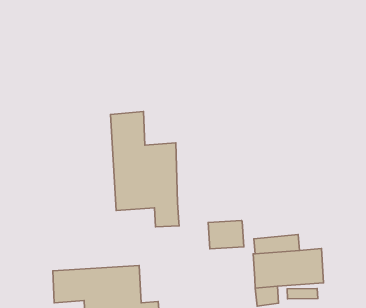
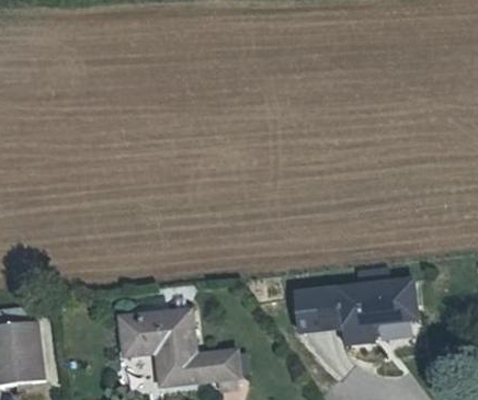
building: [111,112,179,227] -> none
building: [208,221,244,249] -> [299,289,340,322]

